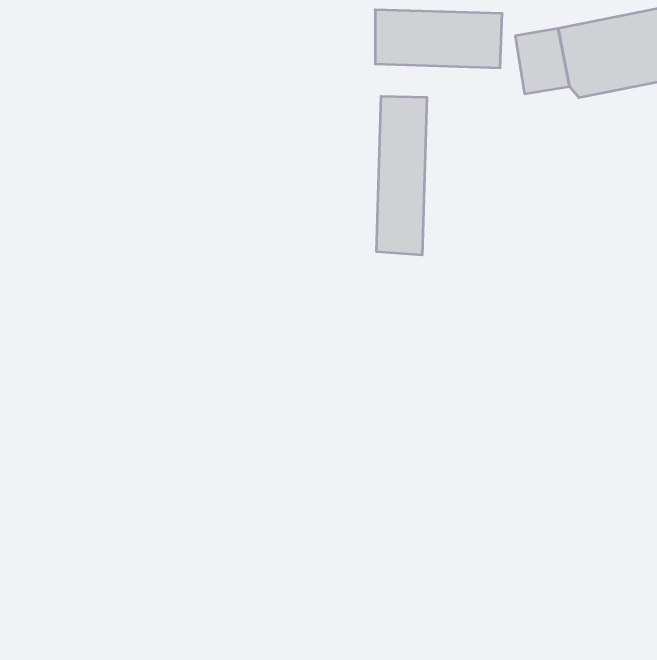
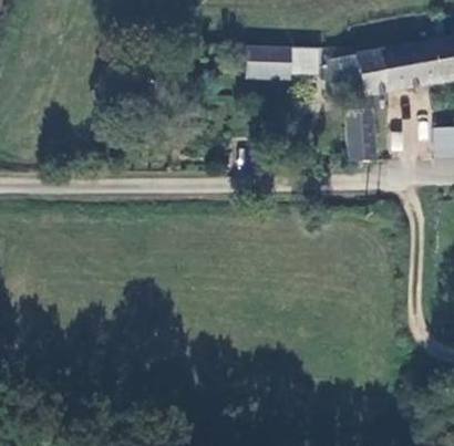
building: [377,96,427,255] -> none
building: none -> [347,114,371,159]

